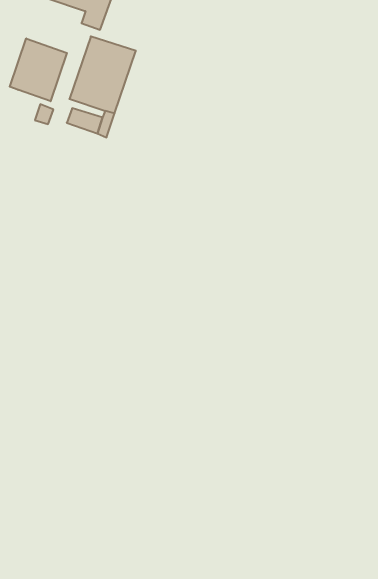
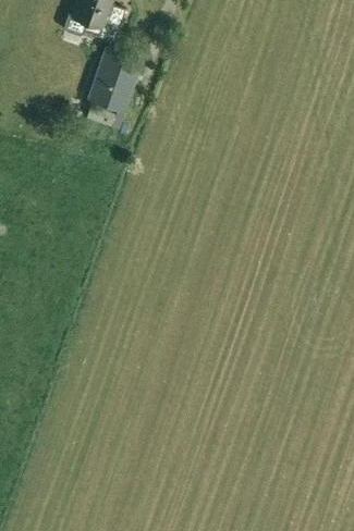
building: [10,38,67,101] -> none

